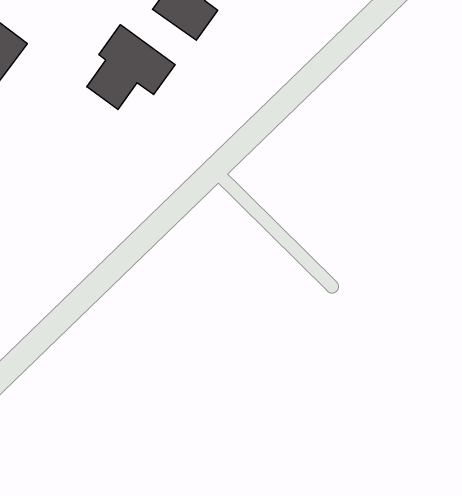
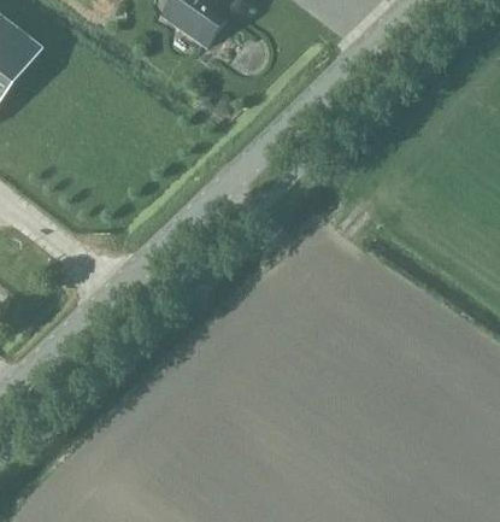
building: [87,25,175,110] -> none

